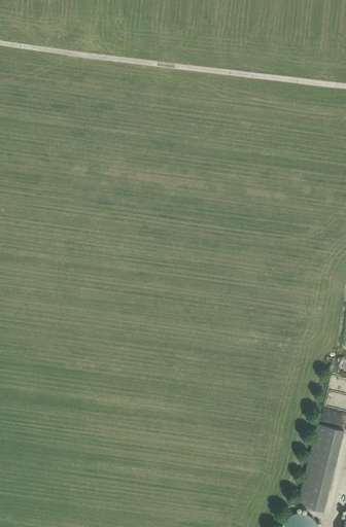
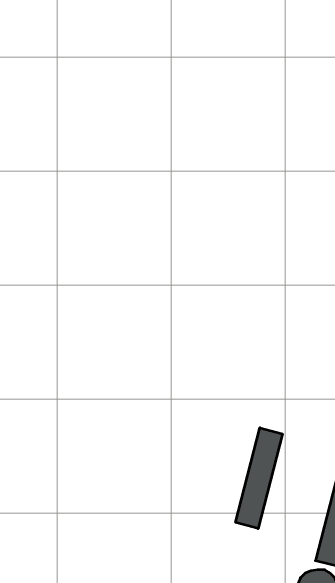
building: none -> [236,428,282,529]

